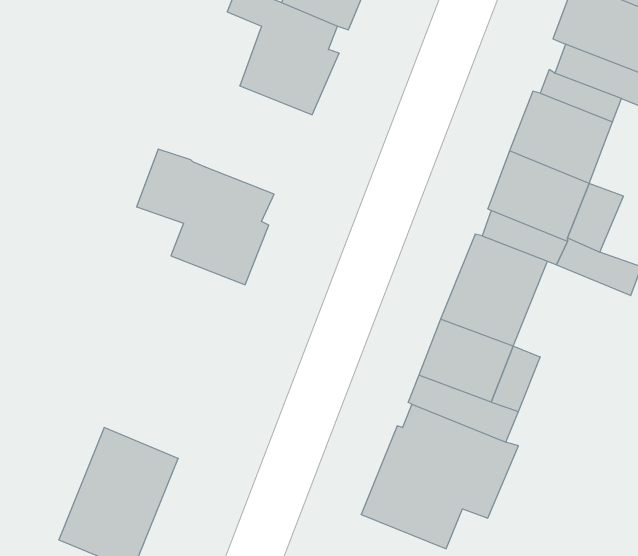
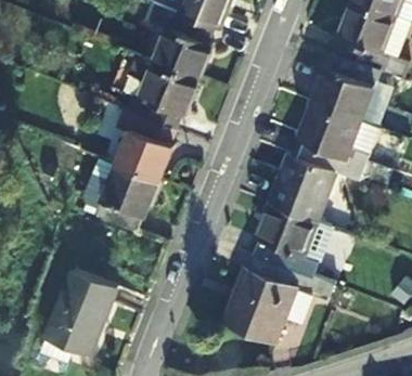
building: none -> [123,54,195,128]
building: none -> [79,157,155,232]

